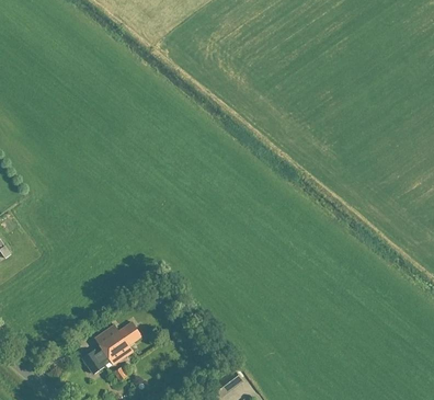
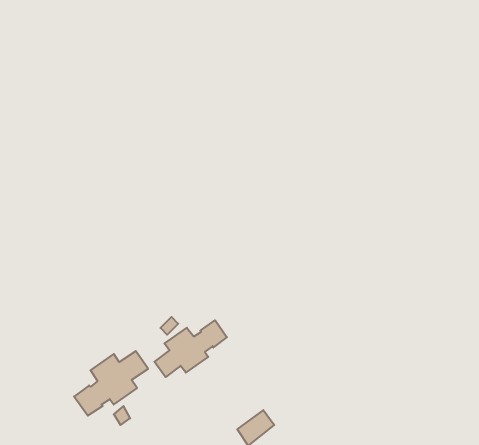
building: none -> [154,320,227,377]

